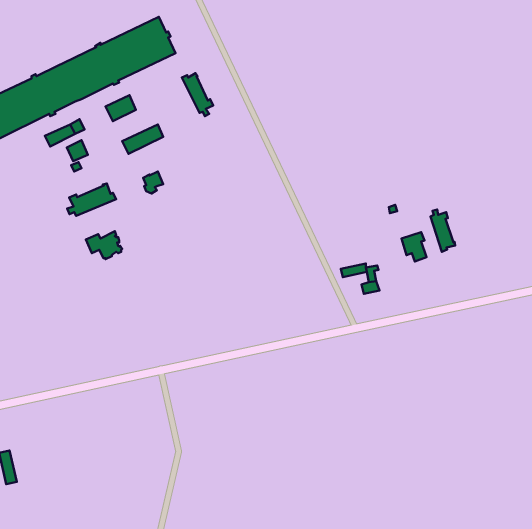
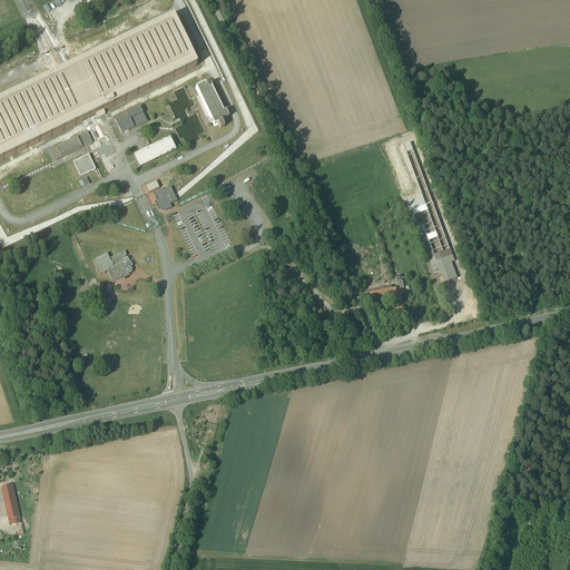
building: [67,184,116,216] -> none
building: [431,209,455,252] -> none

